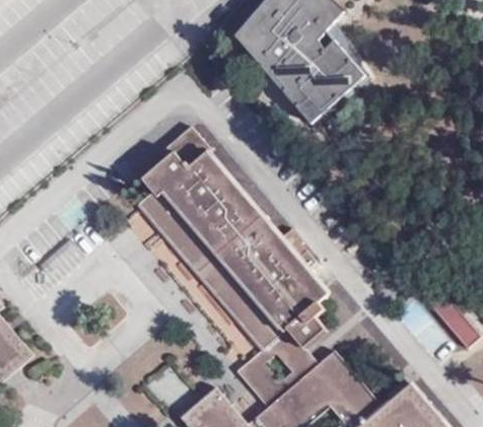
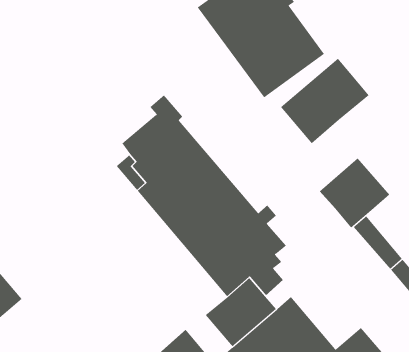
building: none -> [280,58,370,144]
building: none -> [319,157,390,229]

